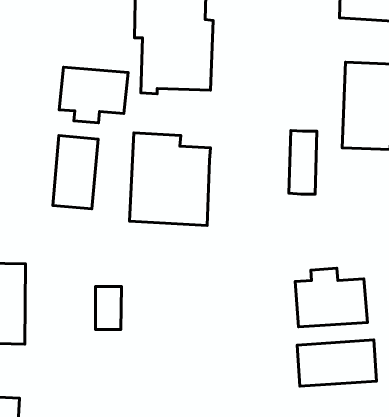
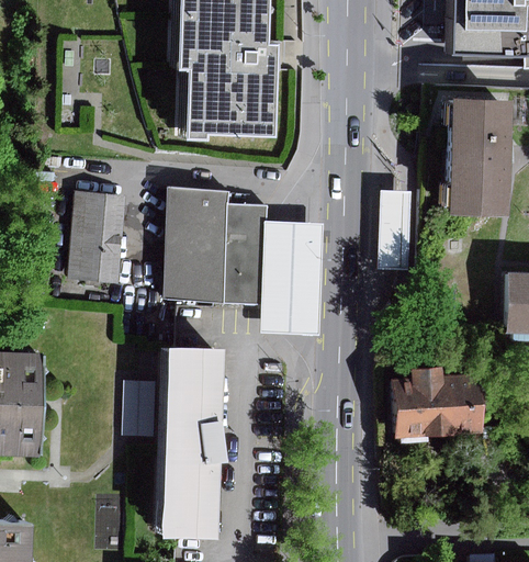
building: [59,67,128,123] -> none
building: none -> [266,223,328,335]
building: none -> [161,349,227,535]
building: [297,340,377,386] -> none

